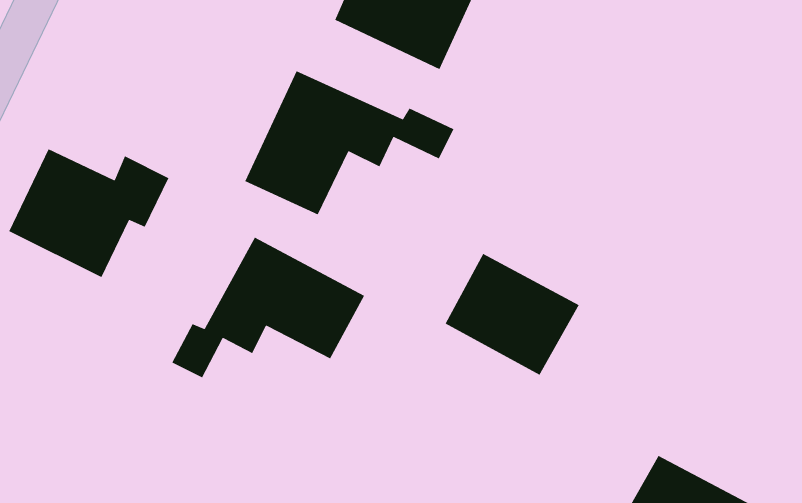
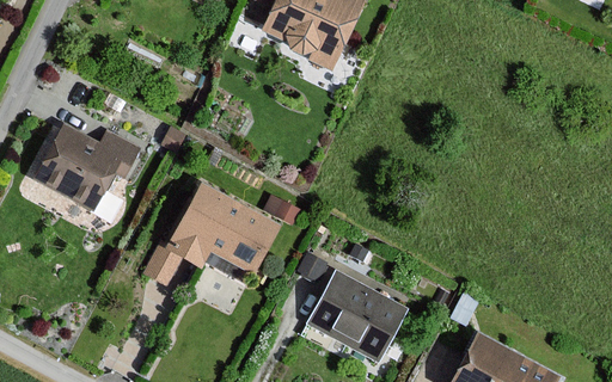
building: [244,70,454,216] -> none
building: [445,253,580,376] -> [311,272,404,357]

